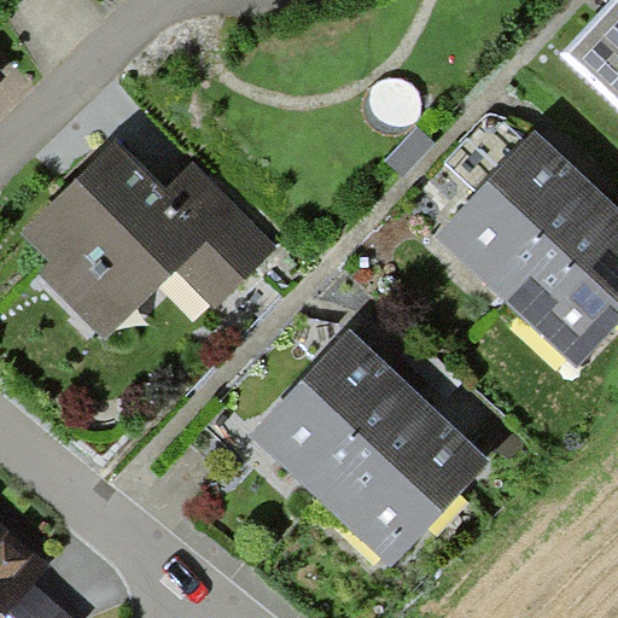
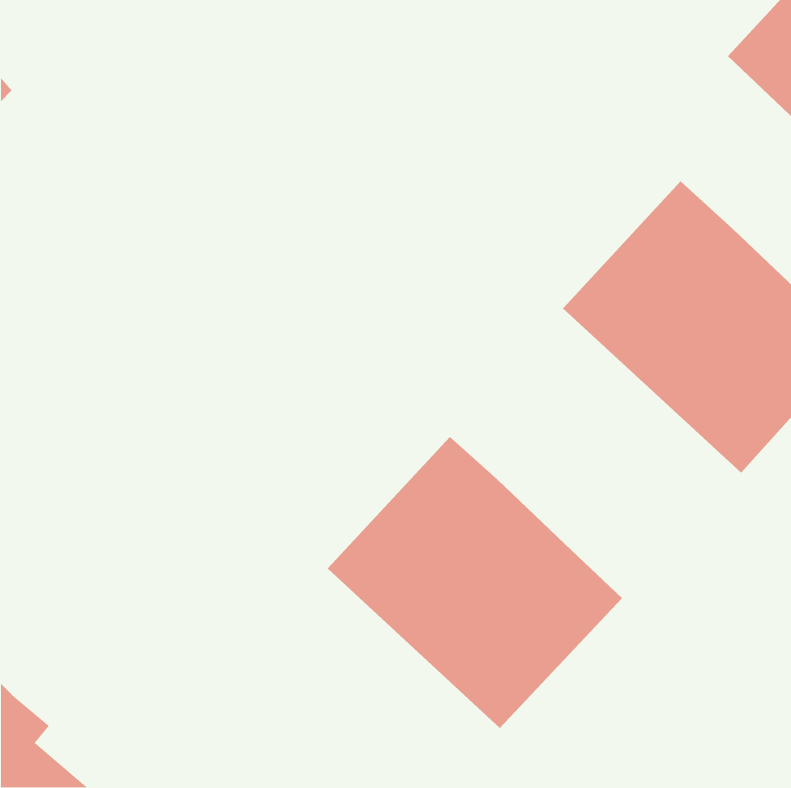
building: [10,136,270,331] -> none

